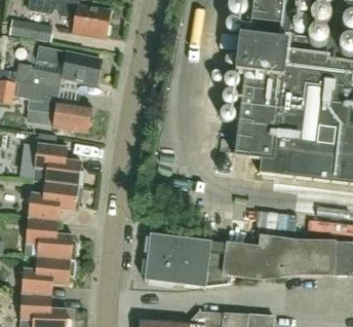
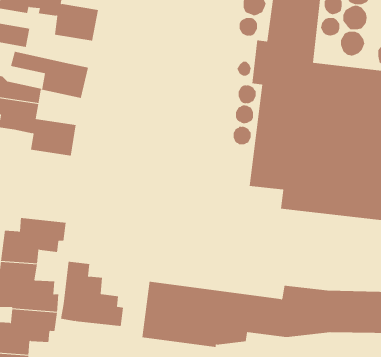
building: [32,132,84,185] -> [60,261,124,326]

